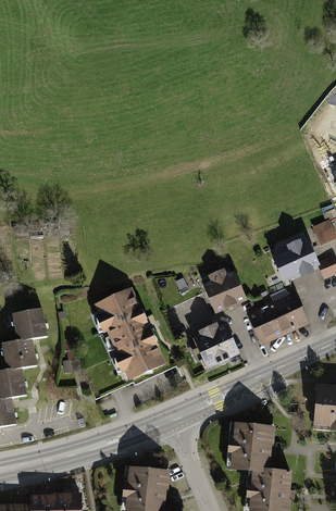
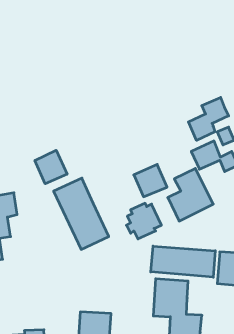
building: none -> [188,97,229,140]
building: none -> [35,150,67,184]
building: none -> [151,246,215,277]

